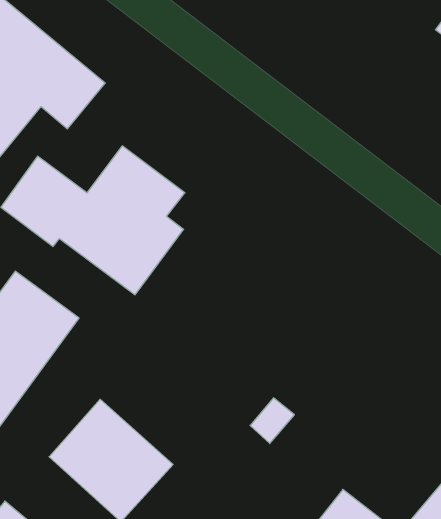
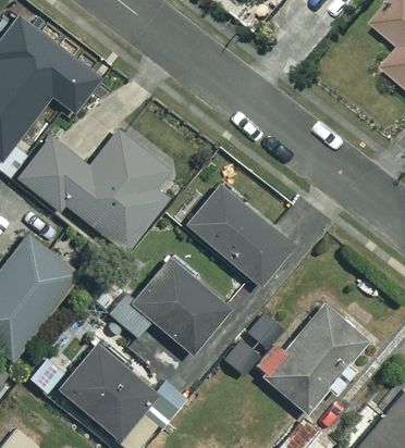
building: none -> [185,184,296,290]
building: none -> [109,262,226,354]
building: none -> [251,303,368,414]

